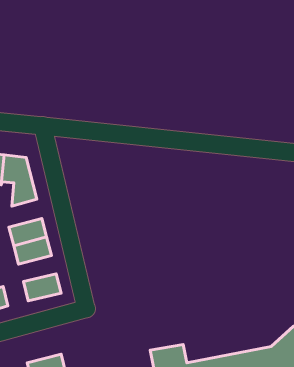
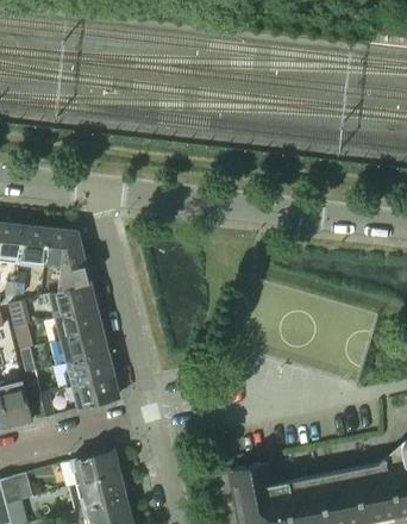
building: none -> [49,283,95,318]
building: none -> [67,353,113,385]
building: none -> [71,450,119,485]

